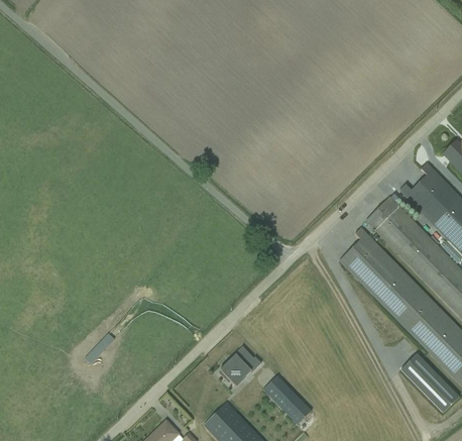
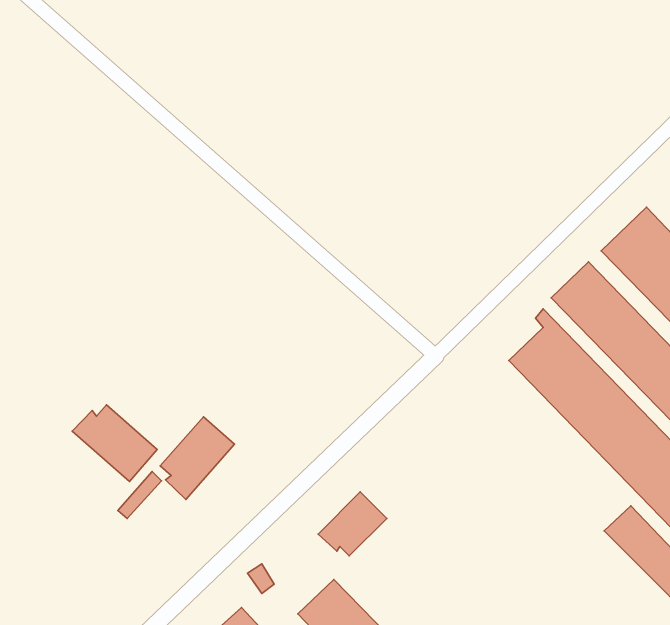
building: none -> [72,405,157,481]
building: none -> [160,417,234,499]
building: [263,375,311,425] -> none

